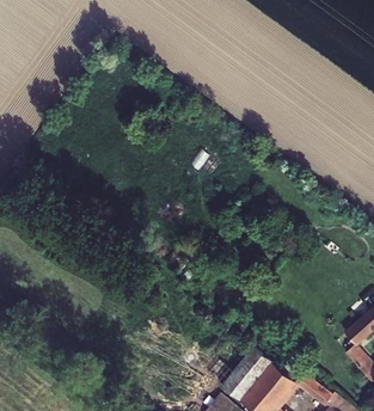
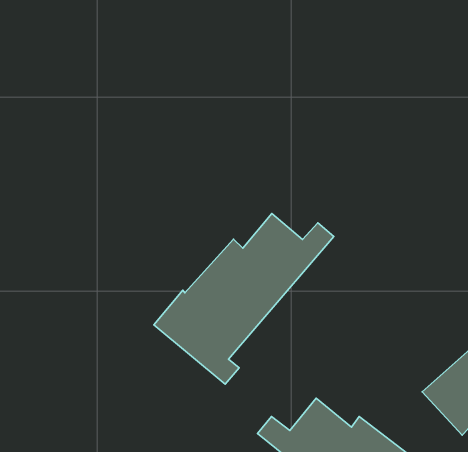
building: none -> [154,213,334,384]

